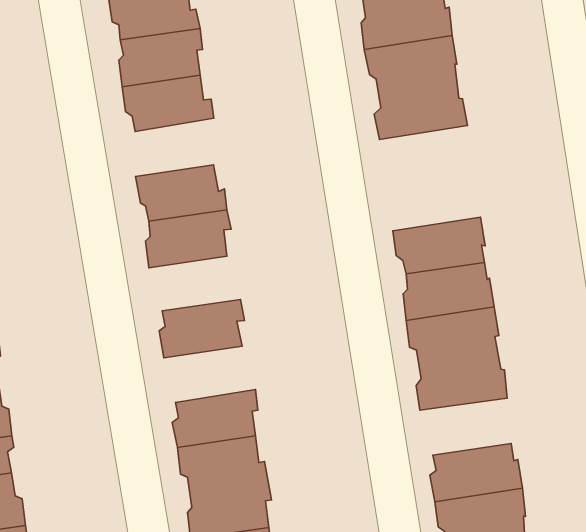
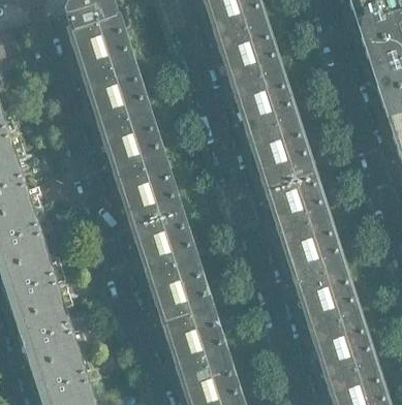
building: none -> [114,138,160,178]
building: none -> [250,120,313,185]
building: none -> [133,214,187,250]
building: none -> [150,262,204,300]
building: none -> [297,268,350,306]

